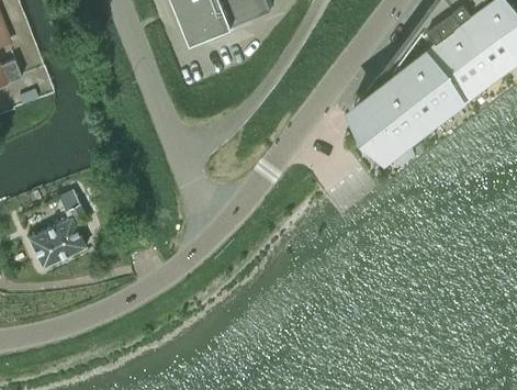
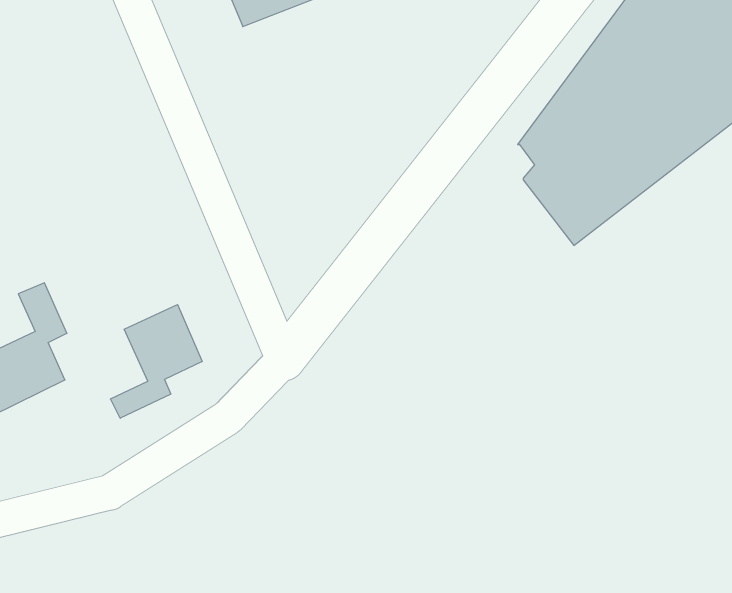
building: none -> [110,305,202,418]

